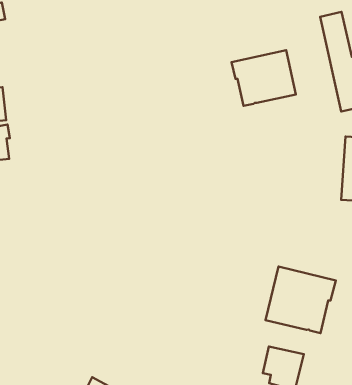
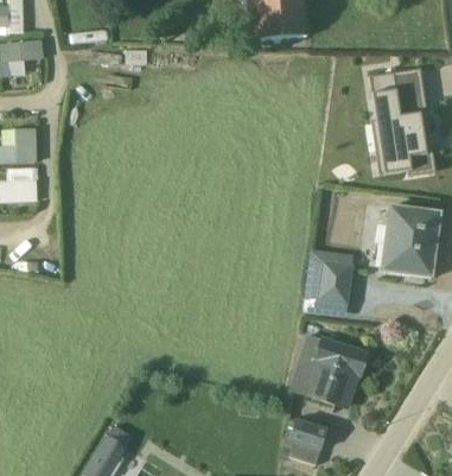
building: [231,50,296,106] -> none
building: none -> [301,259,352,316]

